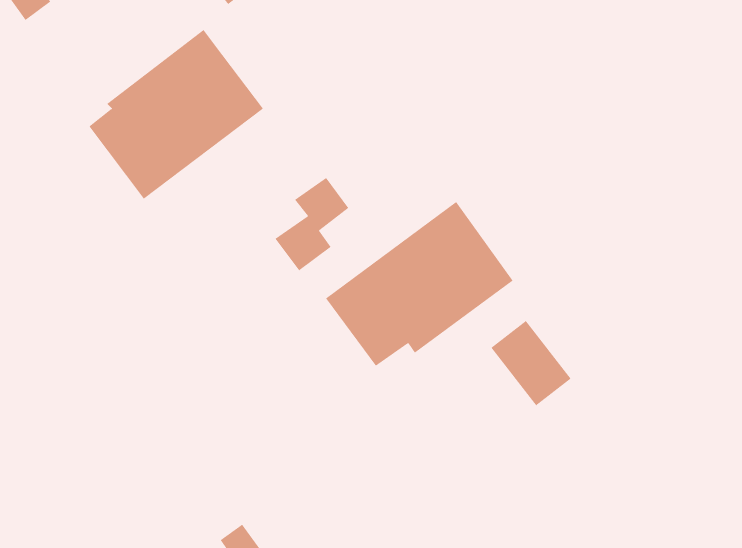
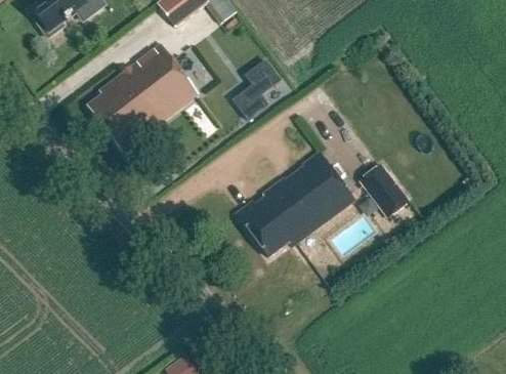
building: [275,177,349,271] -> [233,61,280,121]
building: [490,320,571,406] -> [359,164,410,218]

